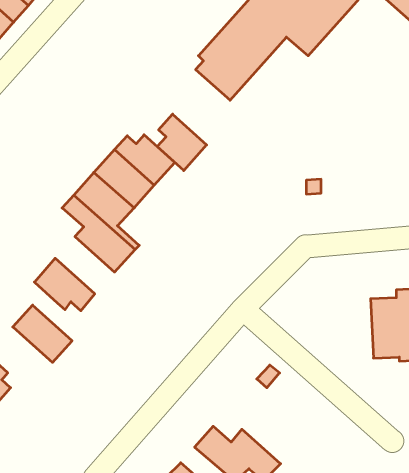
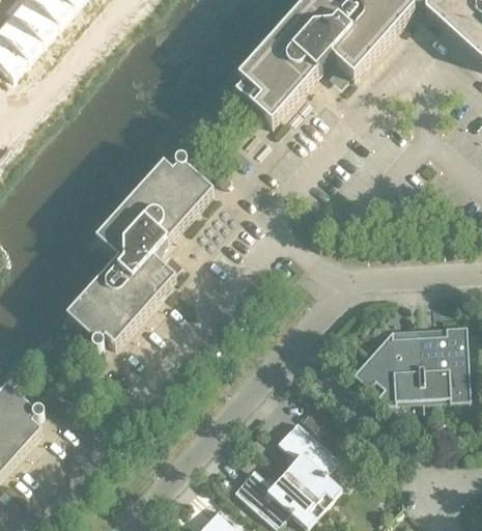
building: [157,114,207,171] -> none
building: none -> [352,325,422,400]
building: [13,305,72,362] -> [88,266,150,326]
building: none -> [278,417,342,504]

